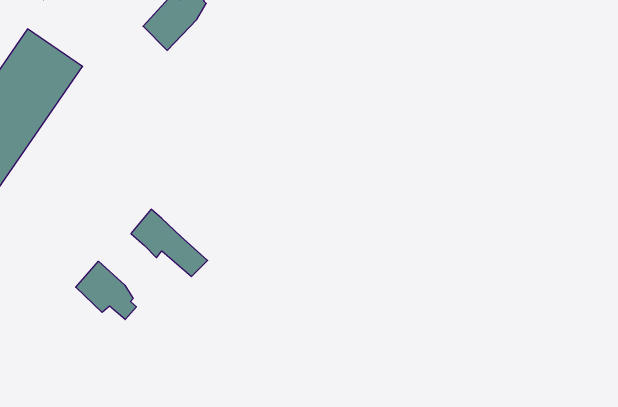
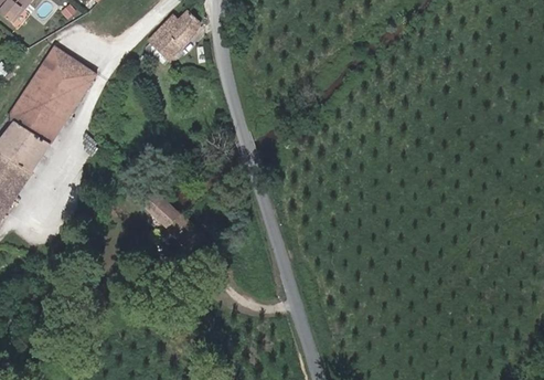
building: [76,261,136,320] -> none

